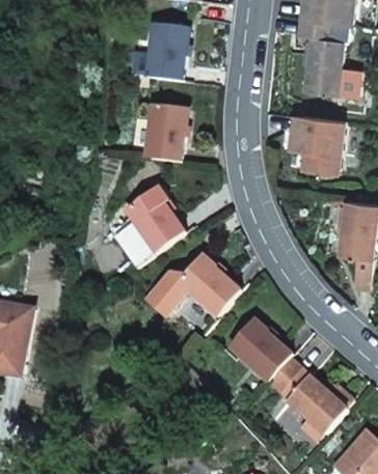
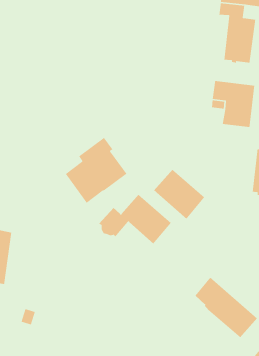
building: [146,23,188,81] -> none
building: [144,105,186,163] -> none
building: [227,319,292,383] -> [153,169,205,220]

